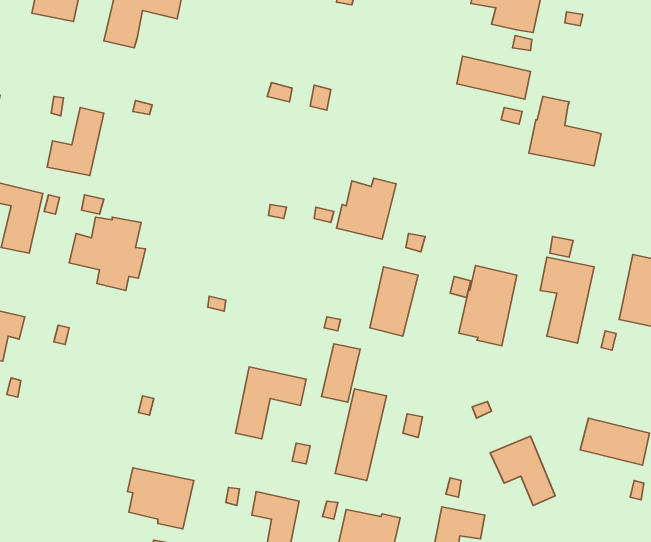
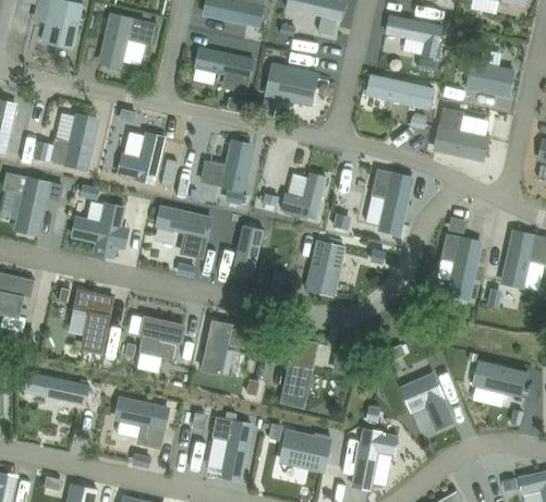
building: none -> [194,46,255,93]
building: none -> [466,60,512,96]
building: none -> [265,62,318,106]
building: none -> [118,134,166,183]
building: none -> [202,142,251,189]
building: none -> [157,207,210,257]
building: [459,265,517,346] -> [365,169,411,232]
building: none -> [73,290,112,351]
building: [321,344,360,402] -> [233,225,264,271]
building: none -> [129,315,186,371]
building: none -> [24,371,88,404]

